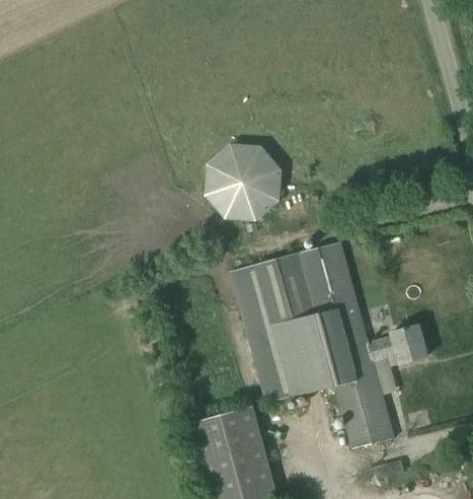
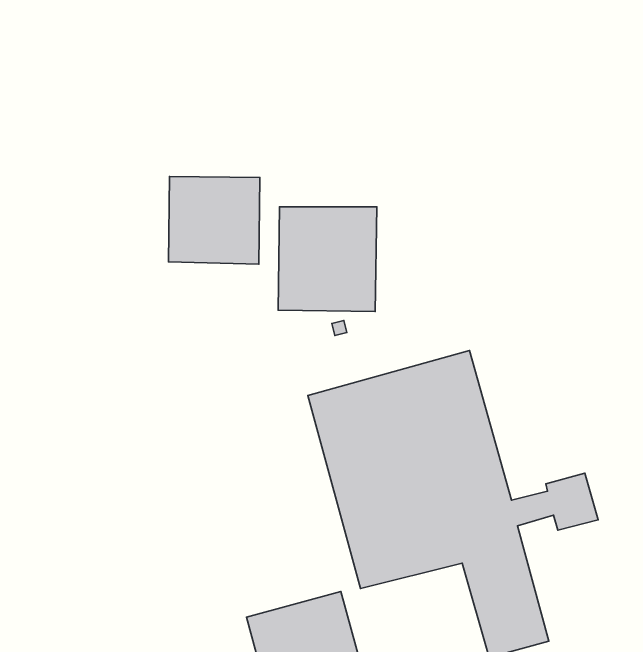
building: none -> [168,176,260,264]

